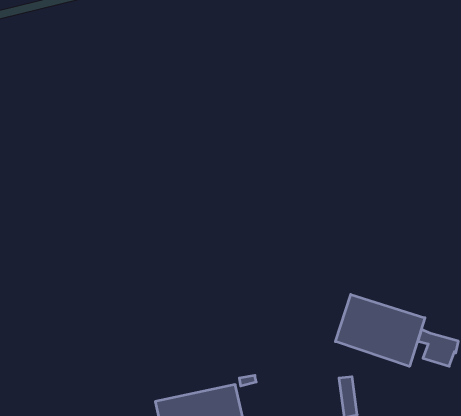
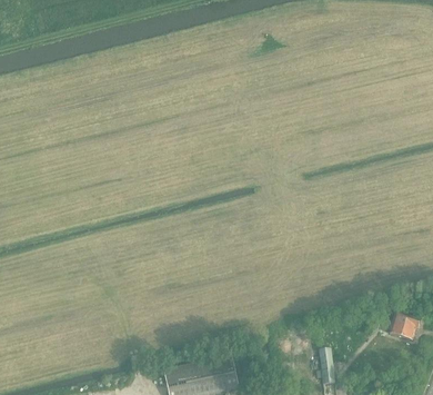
building: [335,294,425,366] -> none

